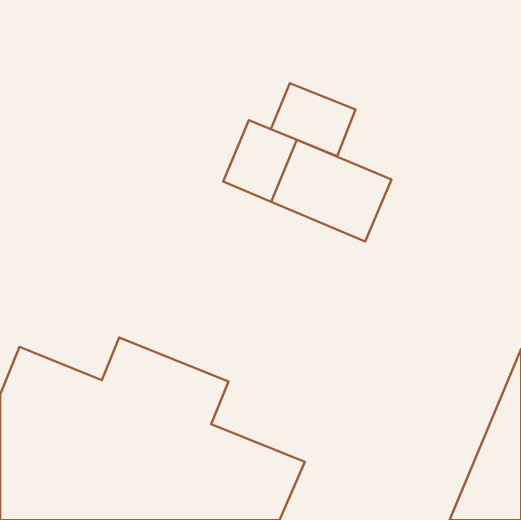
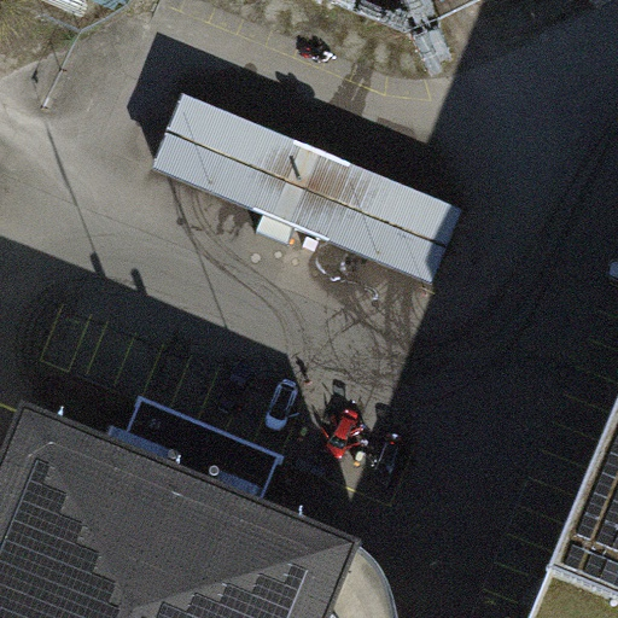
building: none -> [152,95,295,215]
building: [271,83,355,156] -> none

